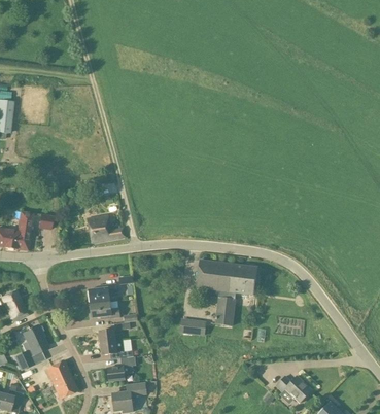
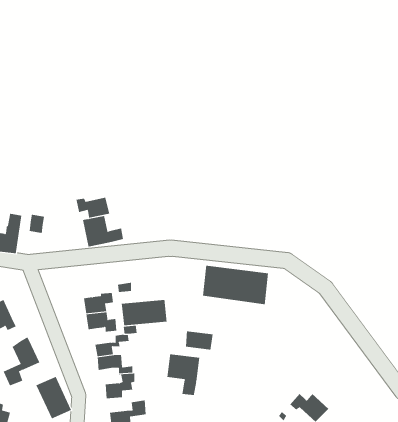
building: none -> [76,197,110,219]
building: none -> [121,299,167,326]
building: [215,292,237,326] -> none
building: none -> [167,353,200,396]

